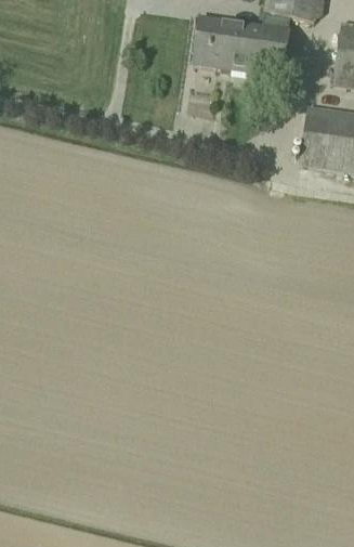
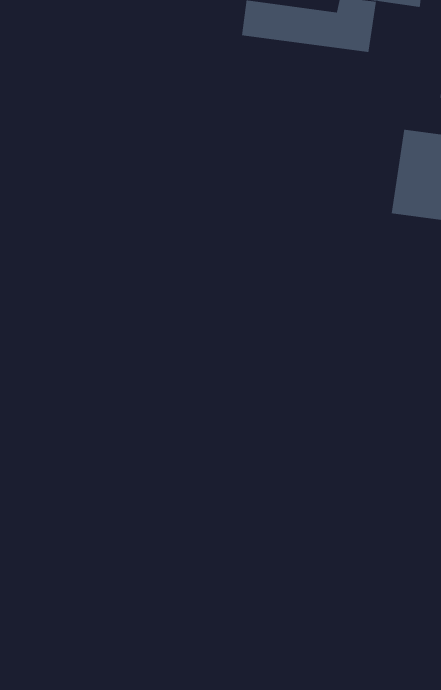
building: [193,41,285,78] -> none

